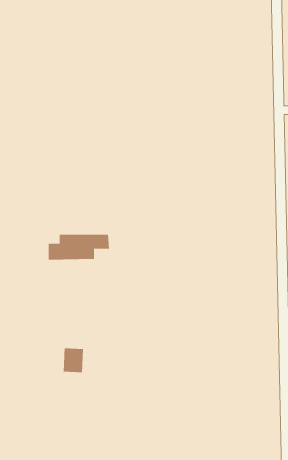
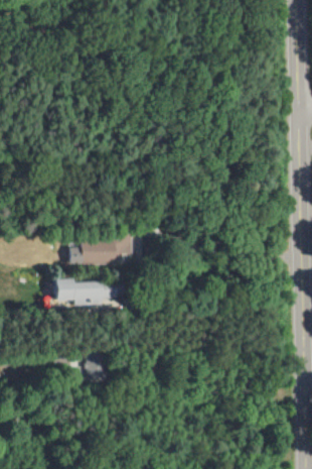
building: none -> [55,279,102,307]

